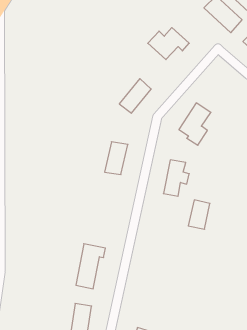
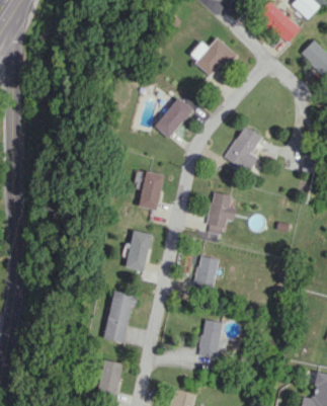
building: none -> [122,230,153,271]
building: [188,200,210,229] -> [194,255,220,290]
building: none -> [199,319,227,358]

